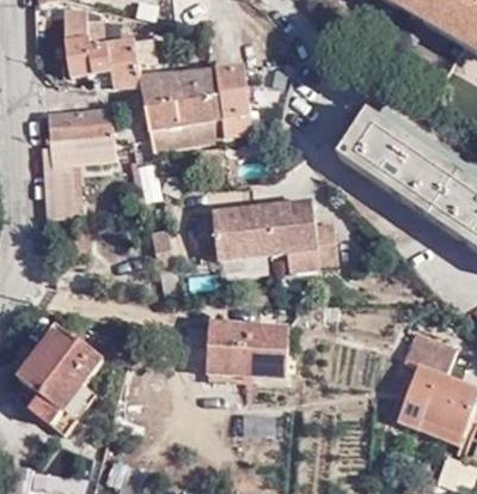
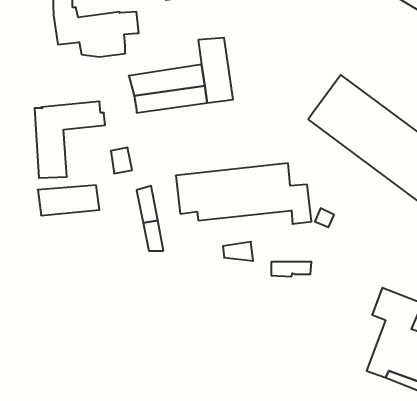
building: [140,67,221,105] -> none
building: [47,106,112,139] -> [38,185,99,215]
building: [204,319,289,389] -> none
building: [13,331,103,439] -> none

